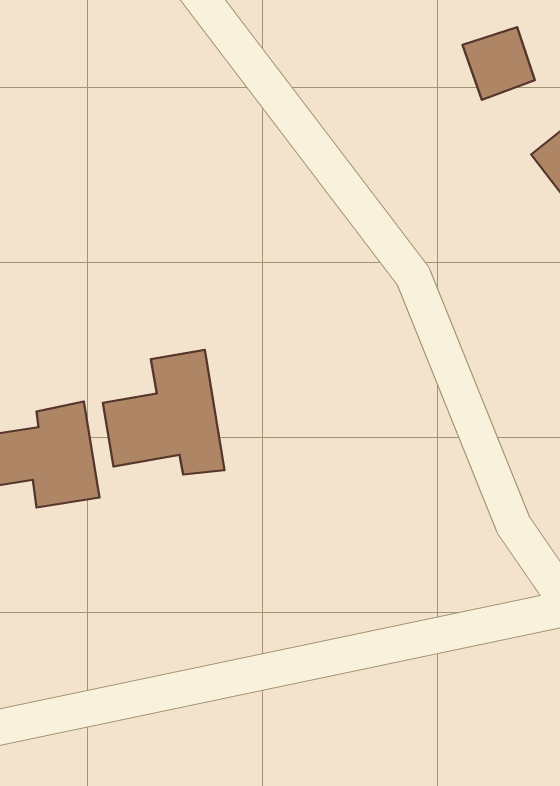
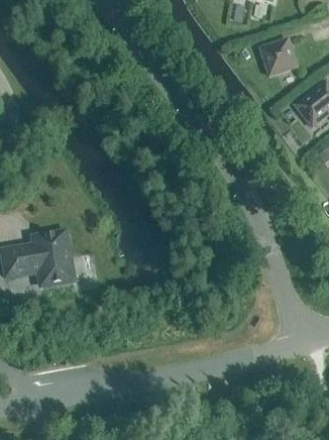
building: [103,350,225,474] -> none

